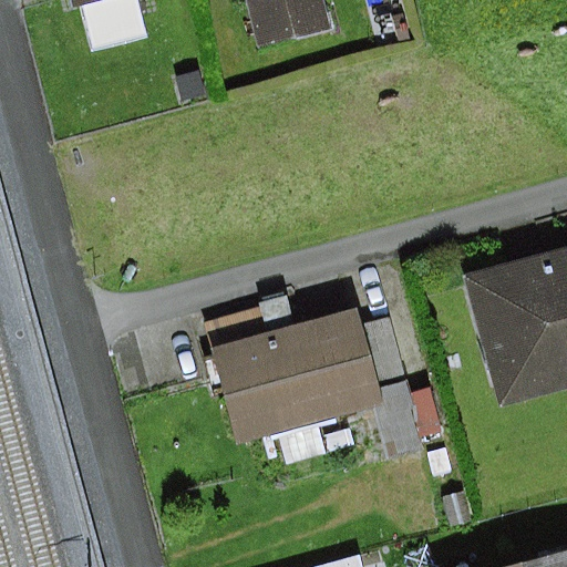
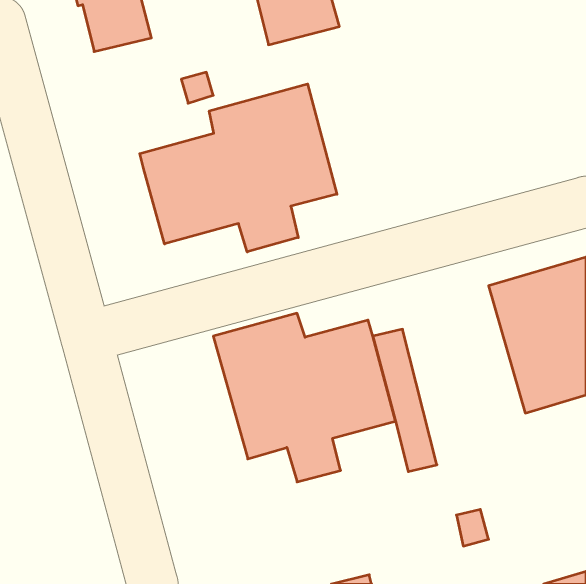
building: none -> [140,84,337,252]

